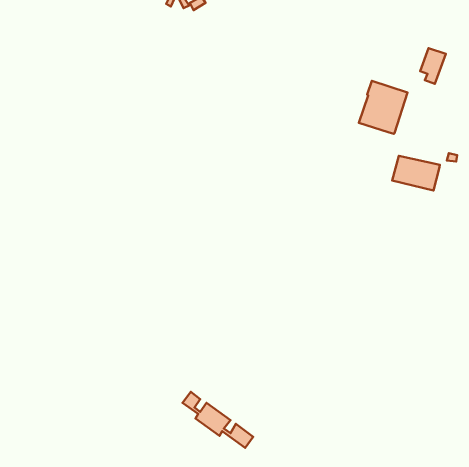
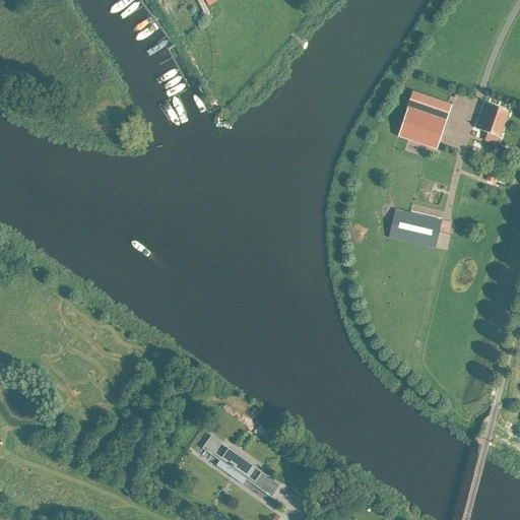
building: [420,48,446,84] -> [479,103,508,142]
building: [392,156,440,191] -> [389,208,442,247]

